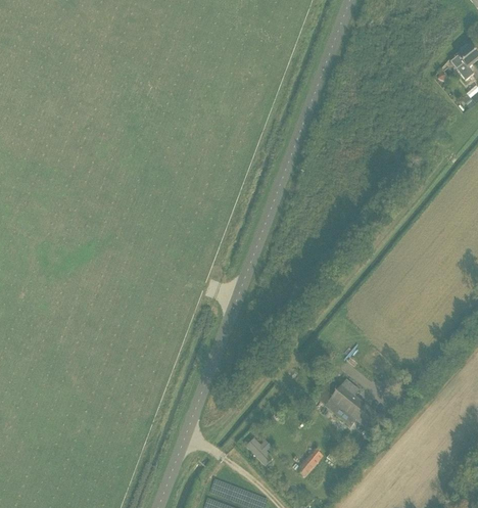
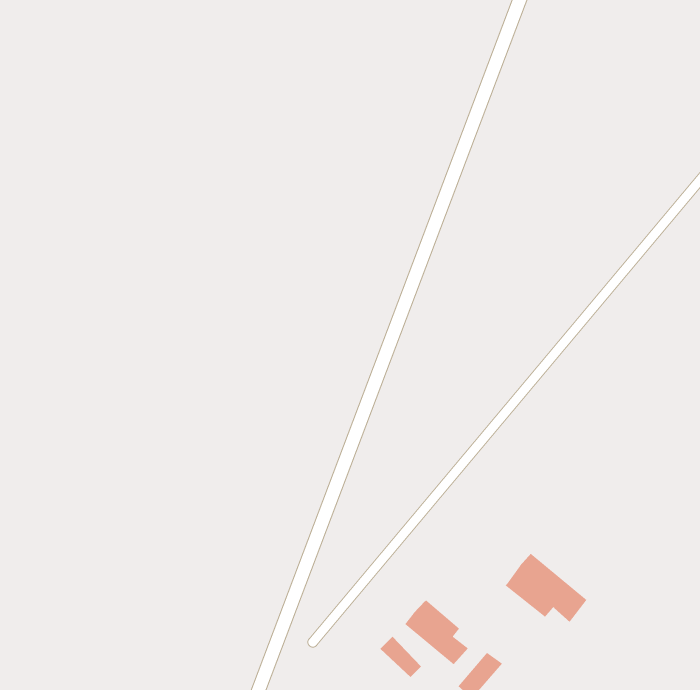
building: none -> [404,599,469,665]

